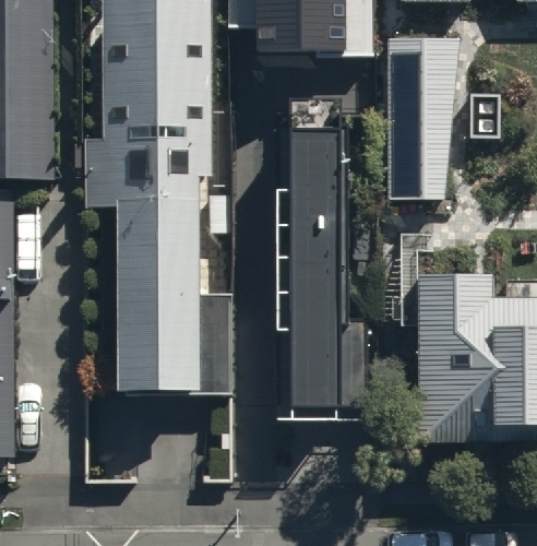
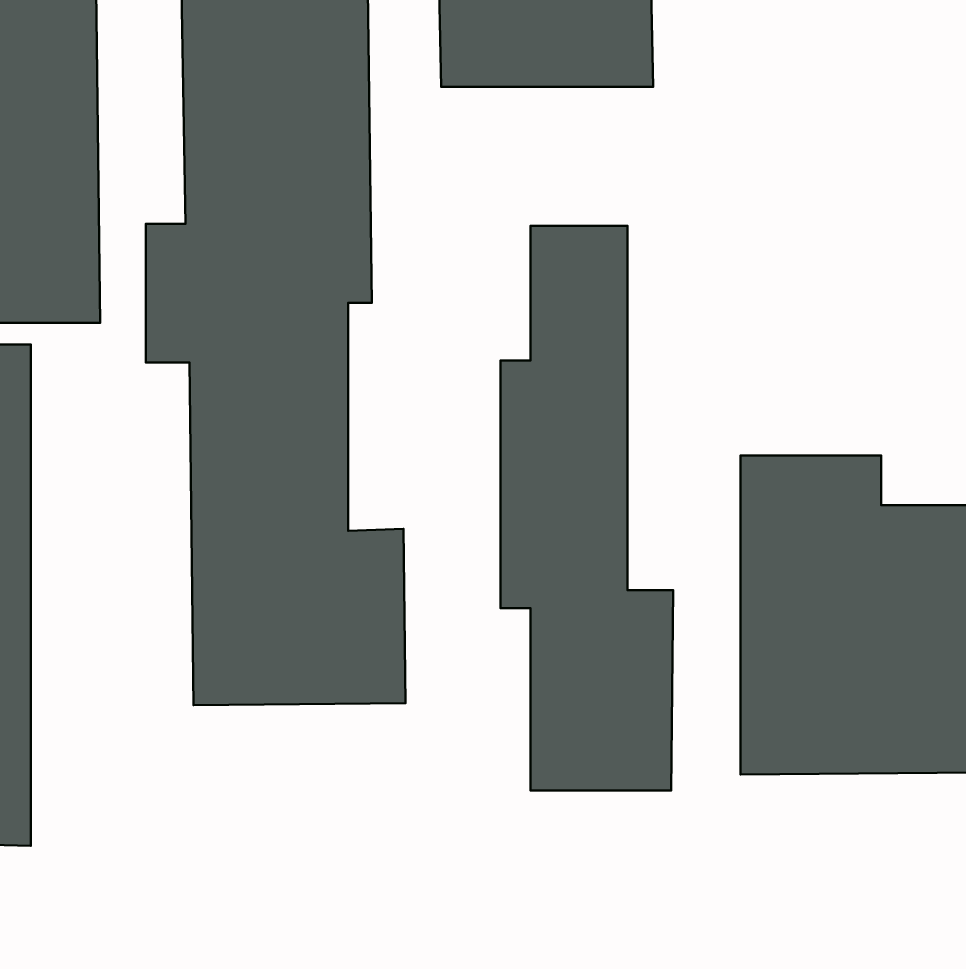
building: [377,29,454,204] -> none

